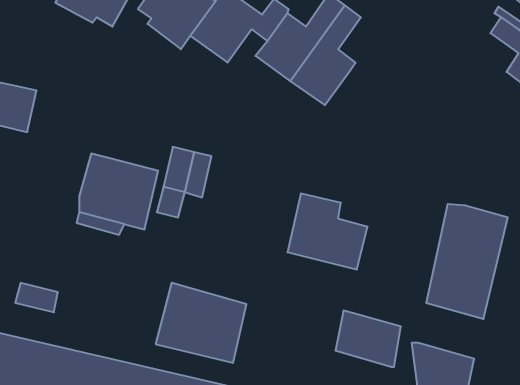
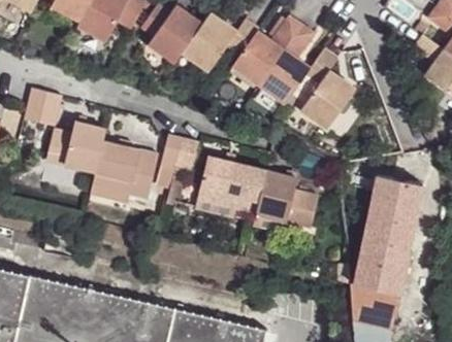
building: none -> [284,47,351,129]
building: none -> [44,119,105,172]
building: [156,283,246,363] -> [195,153,265,215]
building: [335,311,401,367] -> [356,254,407,298]

